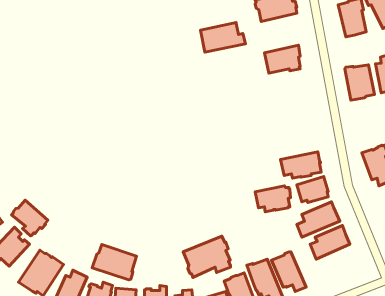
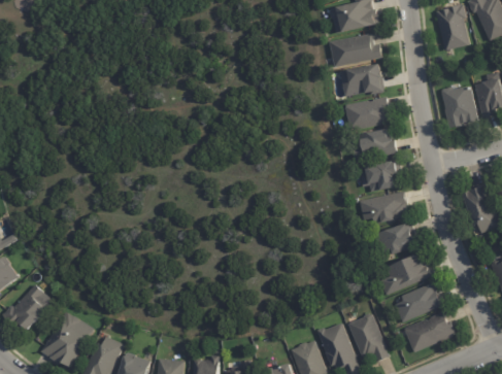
building: [201,23,245,52] -> [328,32,382,68]
building: none -> [345,96,391,128]
building: none -> [350,128,398,162]
building: [255,186,291,212] -> [357,160,400,192]
building: [12,200,48,236] -> none
building: [183,236,231,277] -> none
building: [92,244,136,280] -> none
building: none -> [402,311,454,351]

